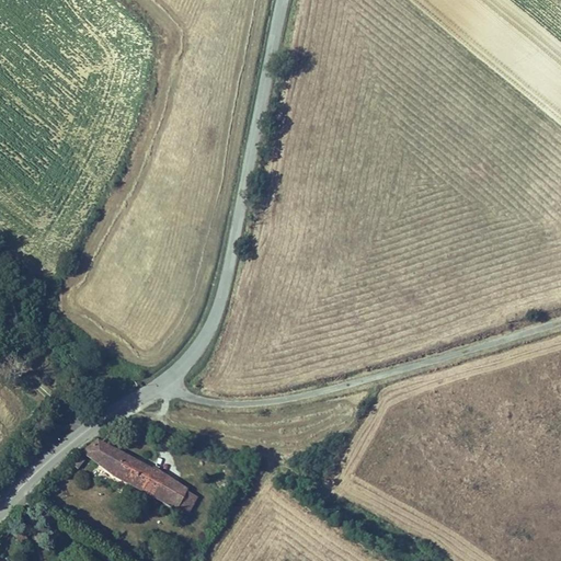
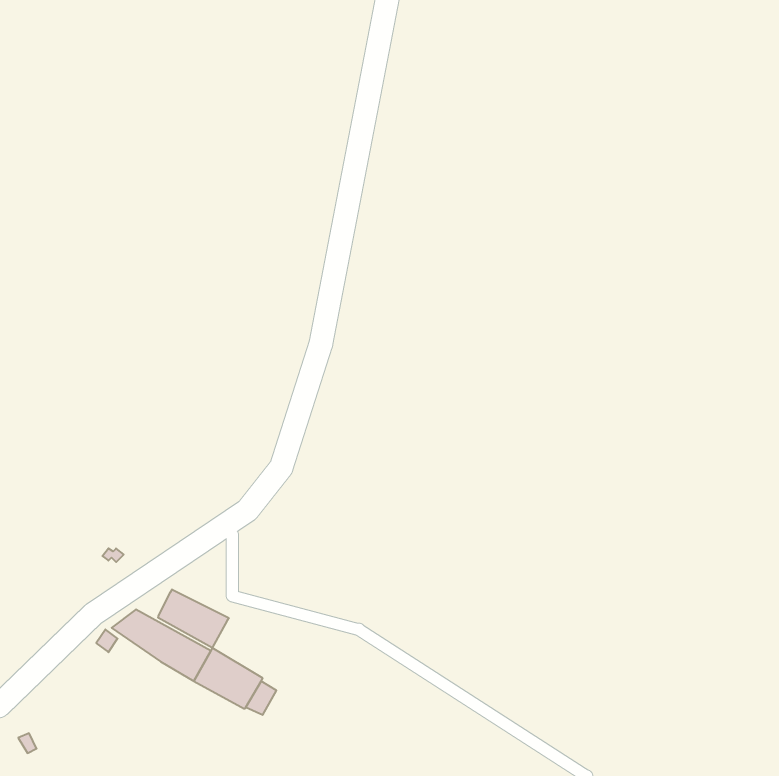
building: none -> [158,589,229,648]

